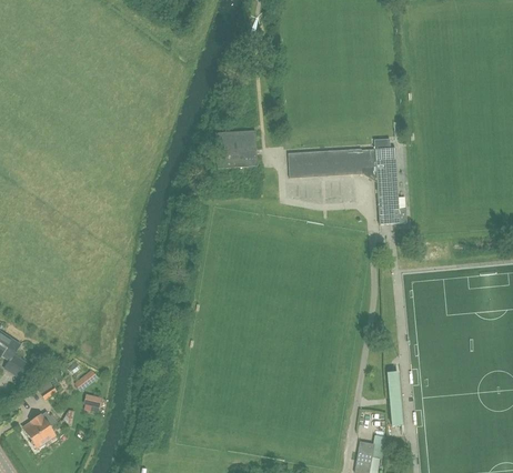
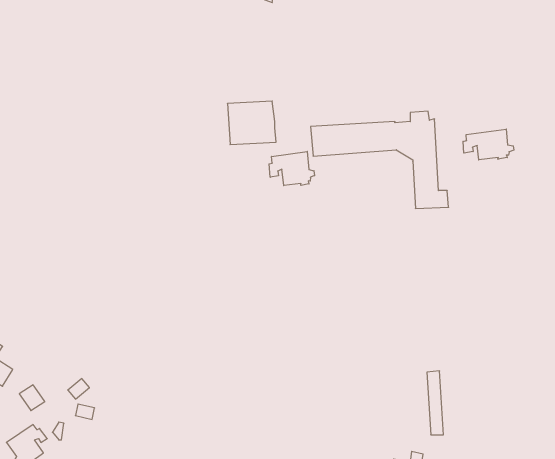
building: none -> [463,129,514,160]
building: none -> [269,151,315,186]

